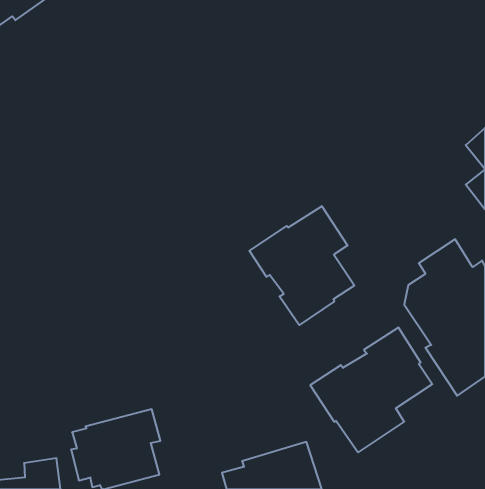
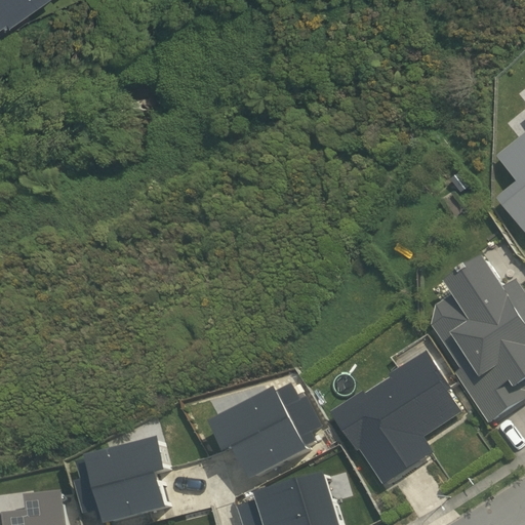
building: [249,206,354,325] -> none
building: none -> [214,382,321,479]

